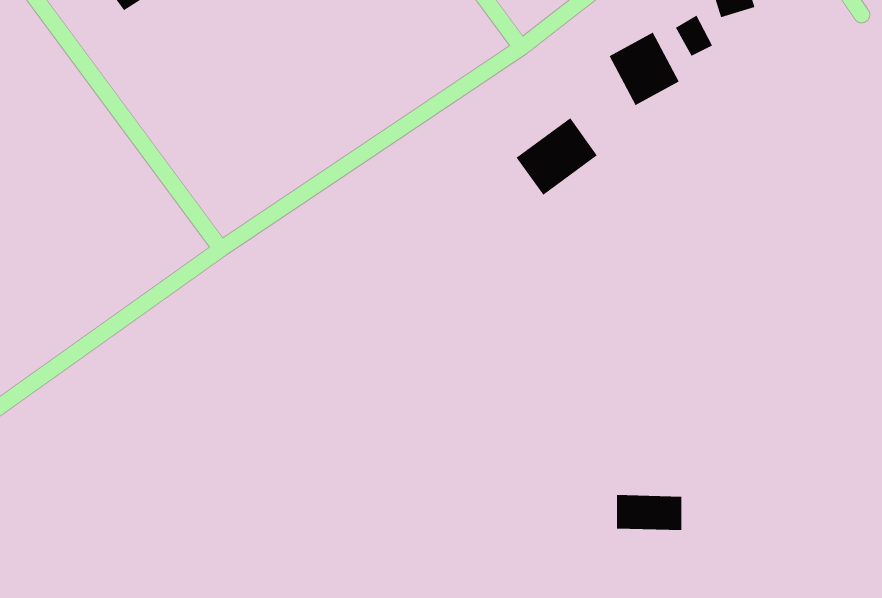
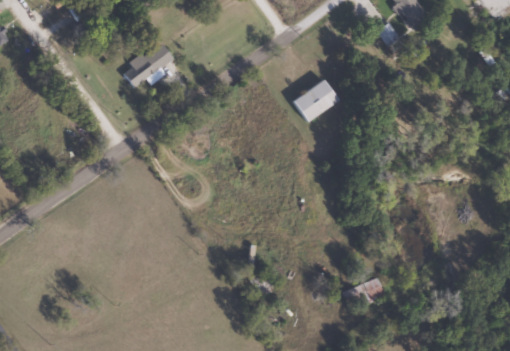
building: [609,32,680,106] -> none
building: none -> [125,44,174,84]

